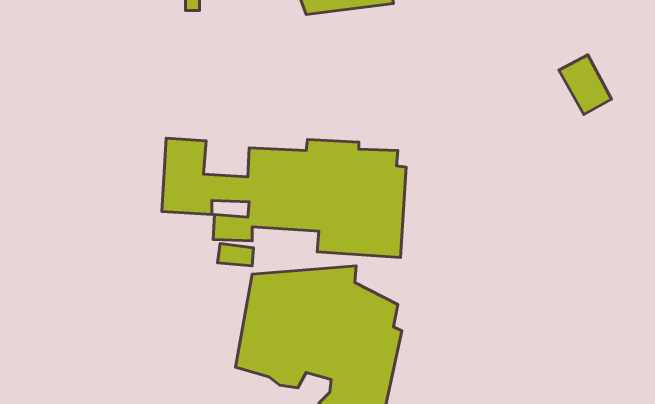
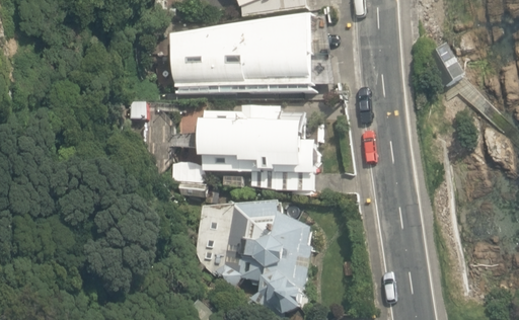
building: none -> [171,9,331,89]

